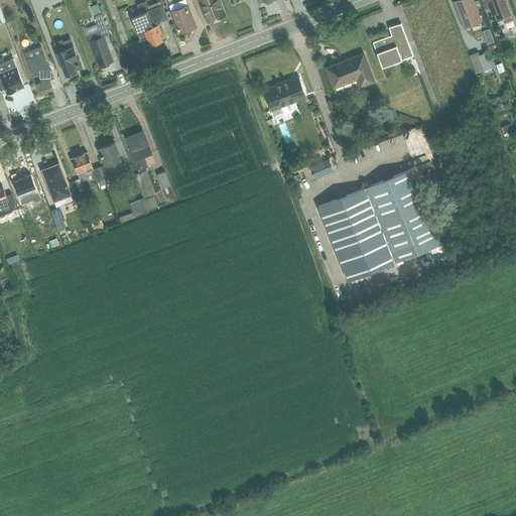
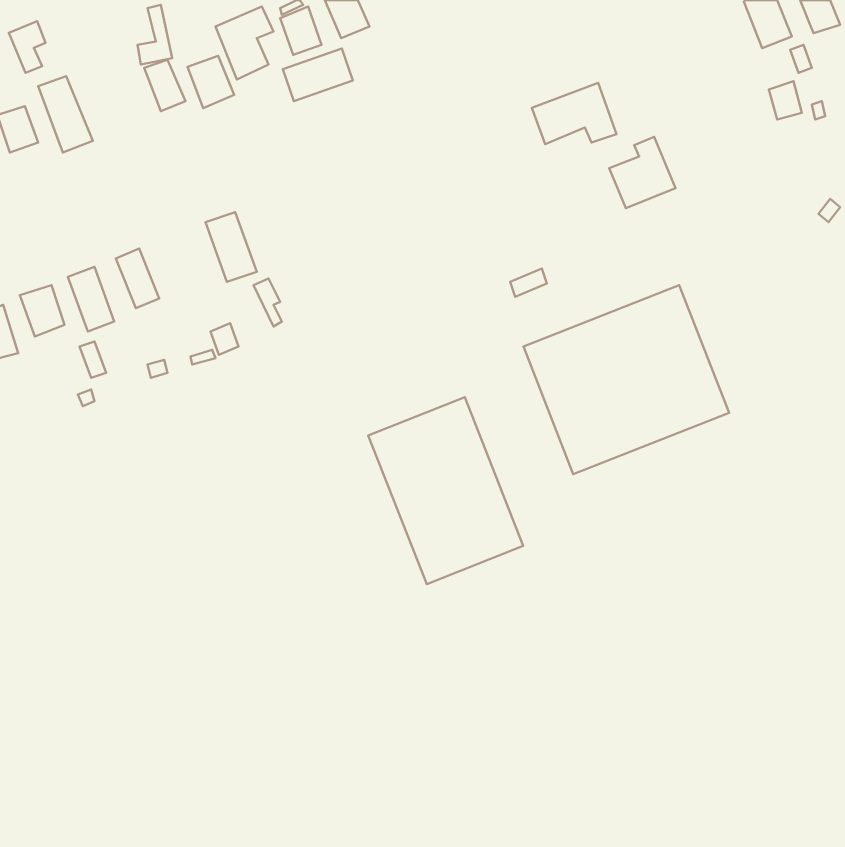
building: [372,22,412,66] -> [609,137,676,208]
building: none -> [283,48,353,101]
building: none -> [187,56,234,108]
building: [55,44,78,76] -> [9,21,45,73]
building: [262,76,306,110] -> none
building: [97,141,126,177] -> none
building: none -> [368,397,523,584]

